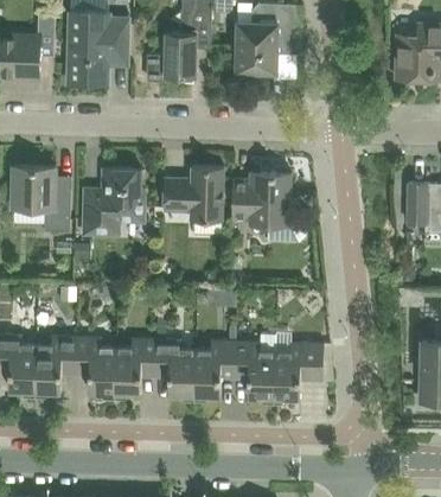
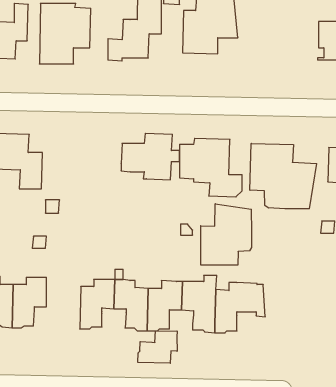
building: [82,168,143,235] -> none
building: none -> [250,143,317,209]
building: none -> [201,204,252,265]
building: [75,336,115,396] -> none
building: none -> [138,331,177,363]

